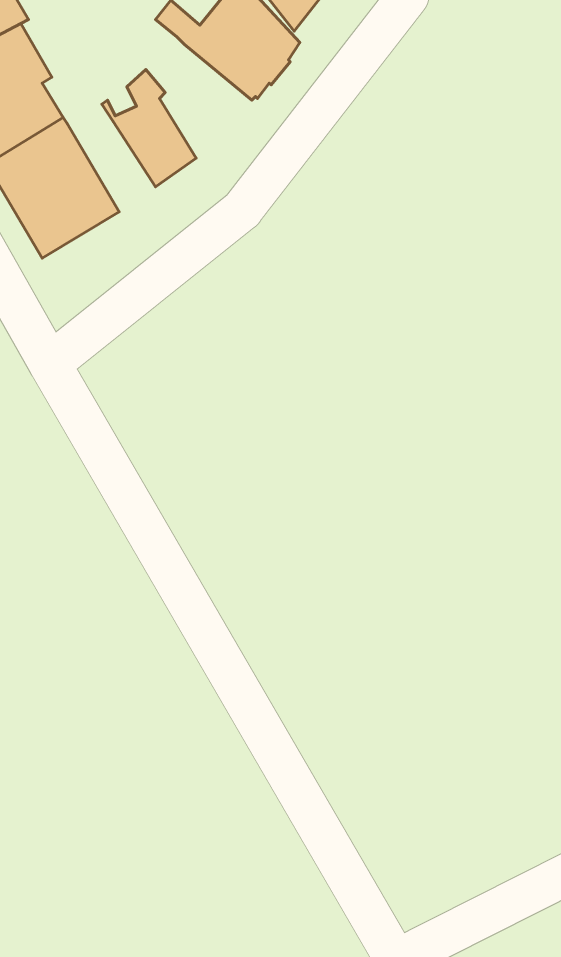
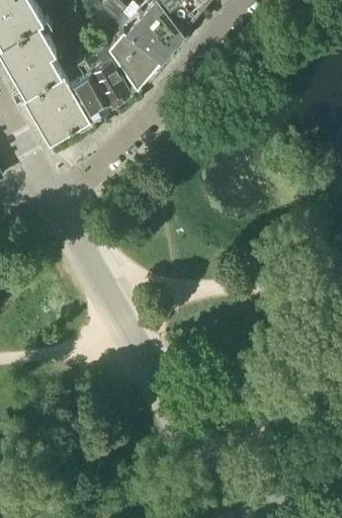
building: none -> [105,30,161,91]
building: none -> [64,66,110,122]

